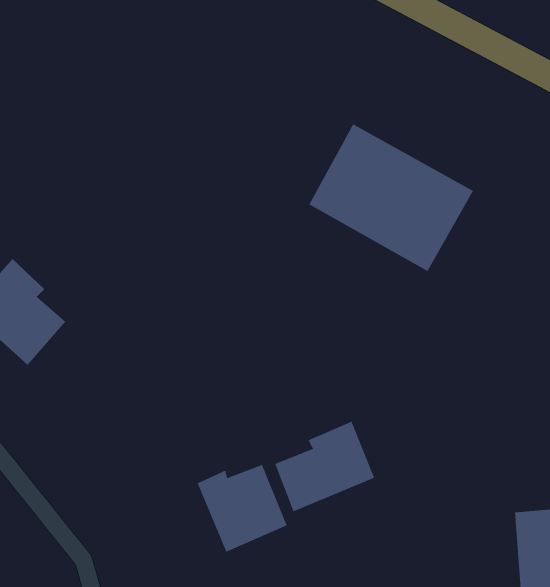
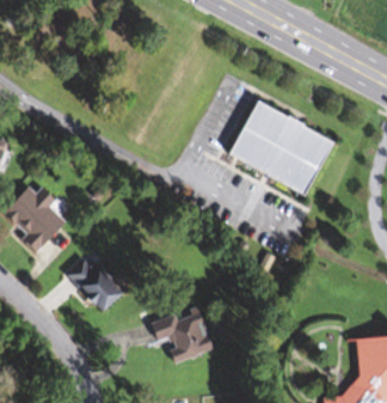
building: none -> [74,258,135,312]
building: [274,421,375,512] -> none

